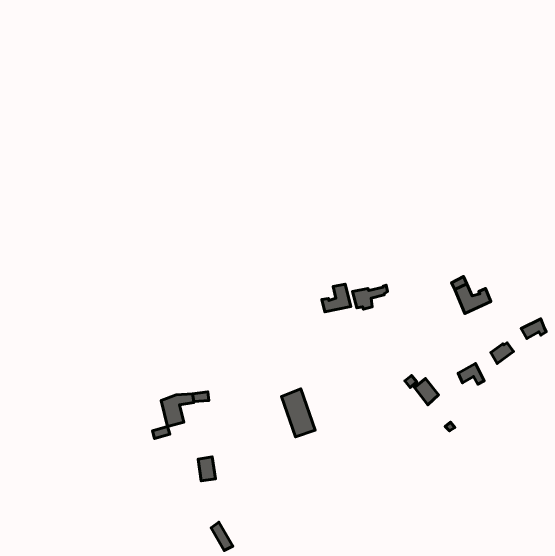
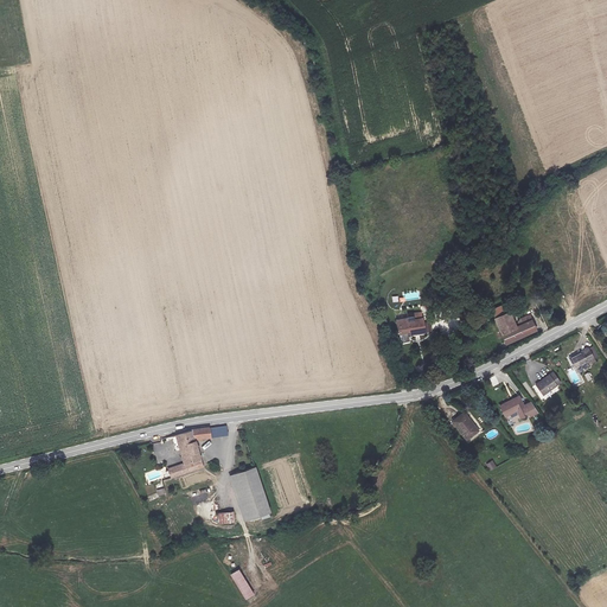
building: [322,284,351,312] -> none
building: [281,389,315,437] -> [232,466,269,518]

